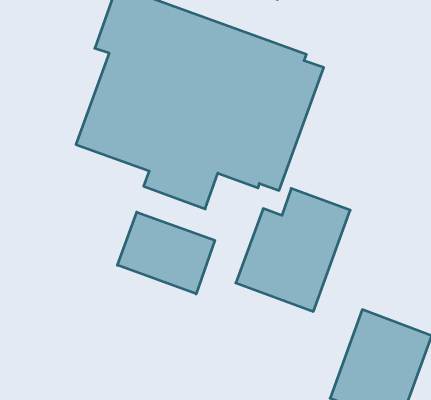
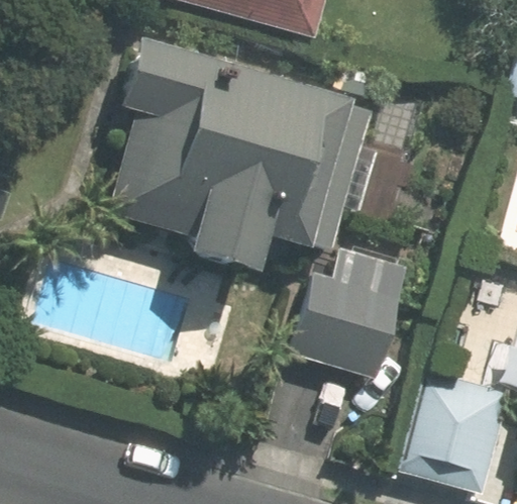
building: [117,212,215,294] -> none

